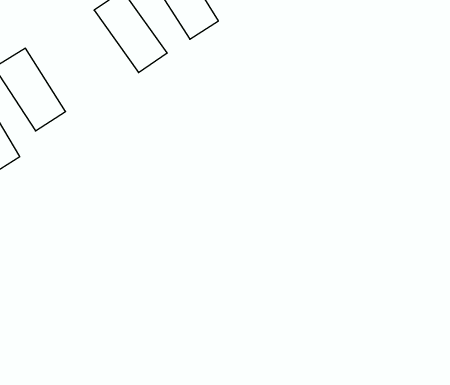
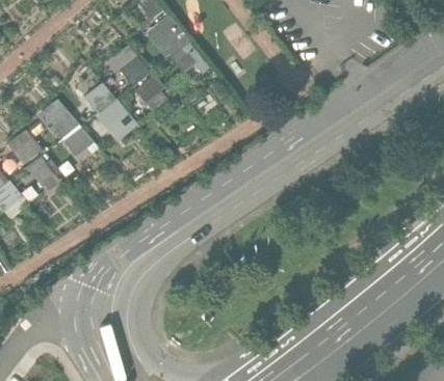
building: none -> [81,80,136,137]

